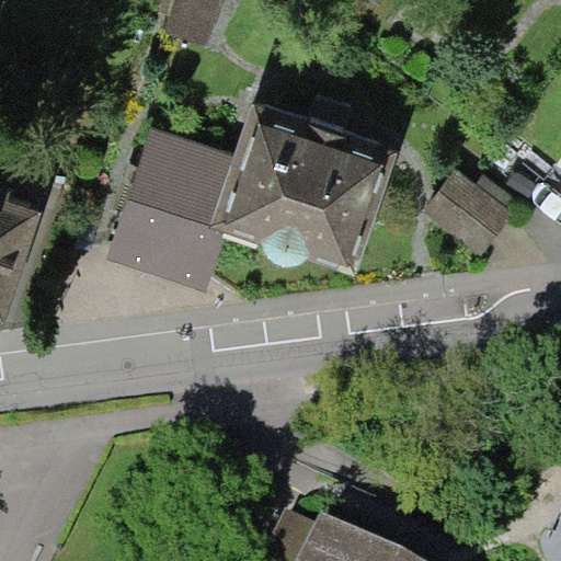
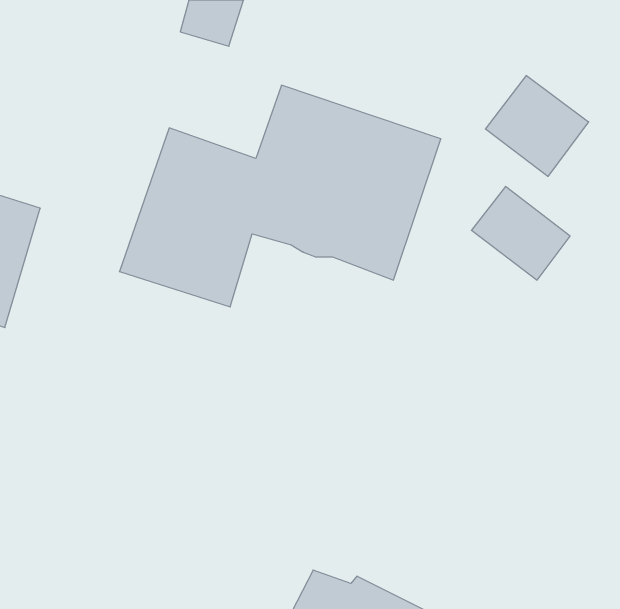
building: none -> [485,76,589,176]

